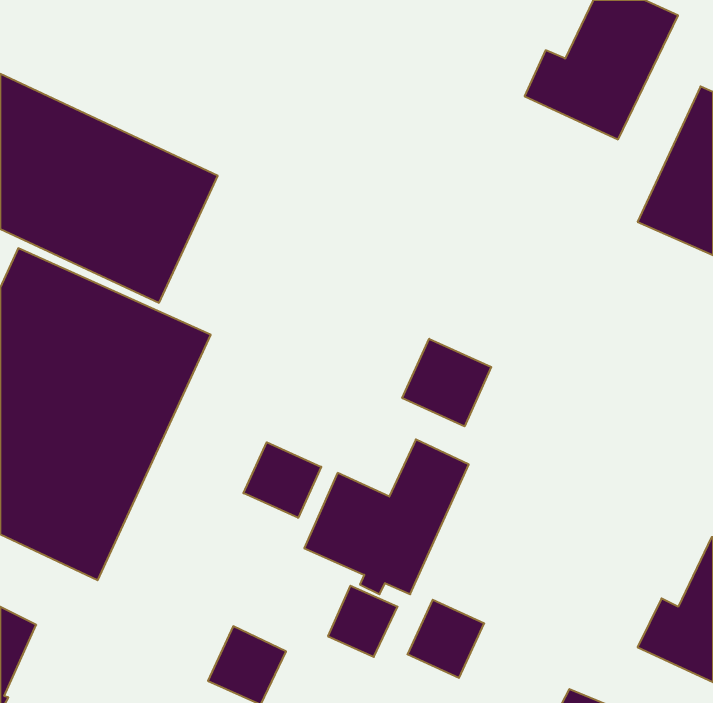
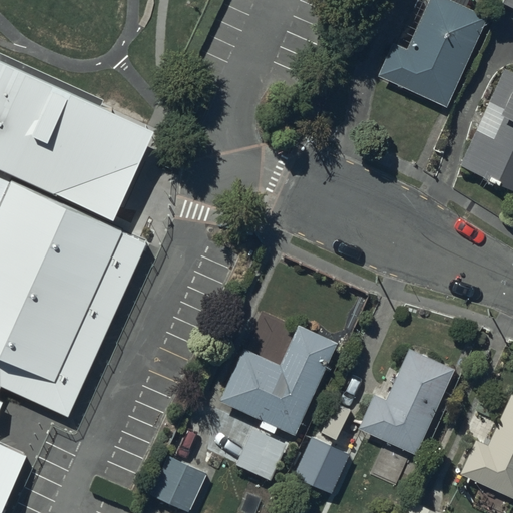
building: [402,339,491,426] -> none
building: [243,442,321,518] -> none
building: none -> [358,347,454,454]

